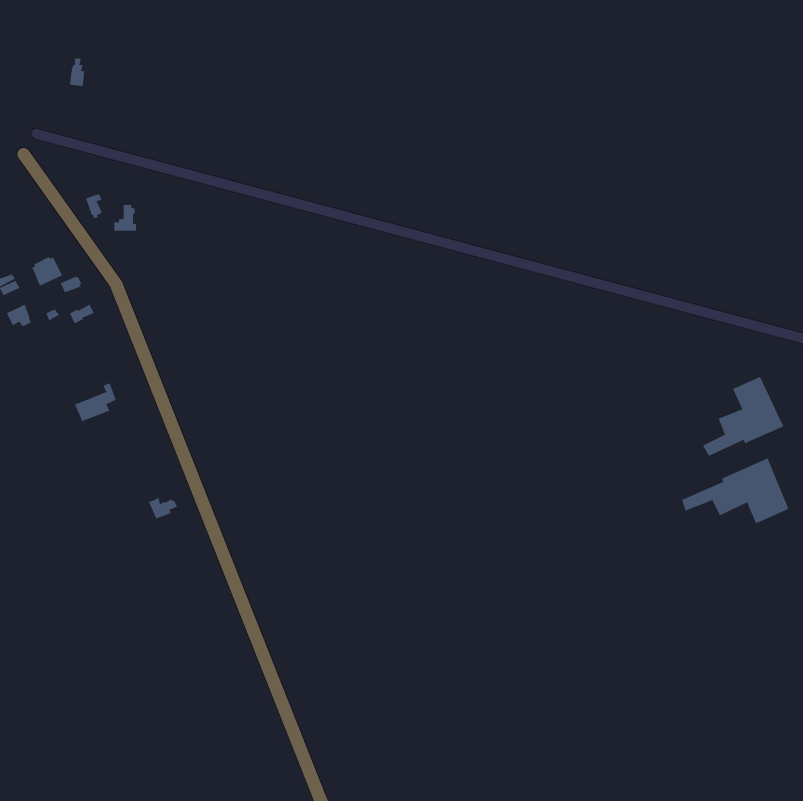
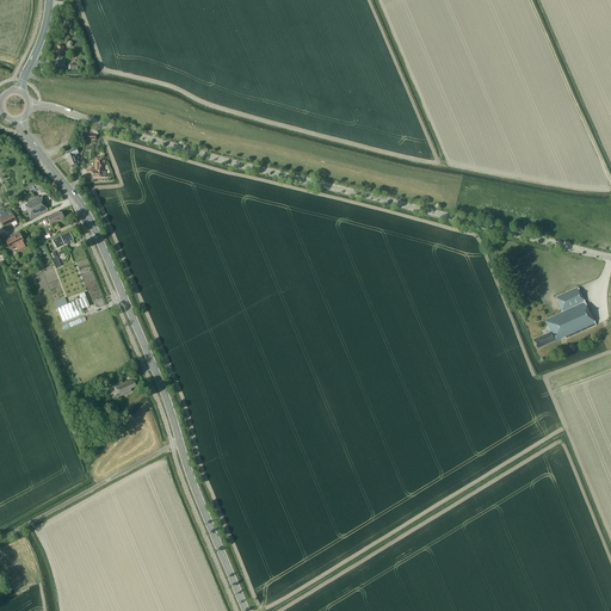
building: [681,457,789,524] -> none

